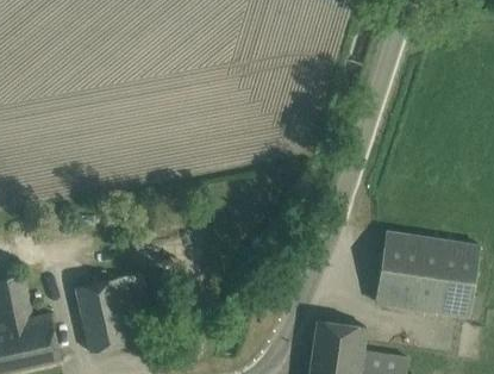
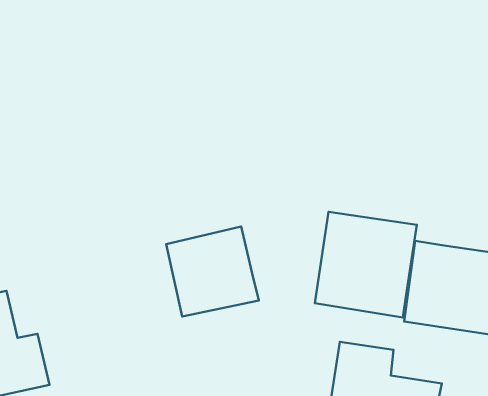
building: none -> [315,212,417,318]
building: [75,272,157,351] -> [166,227,259,317]

